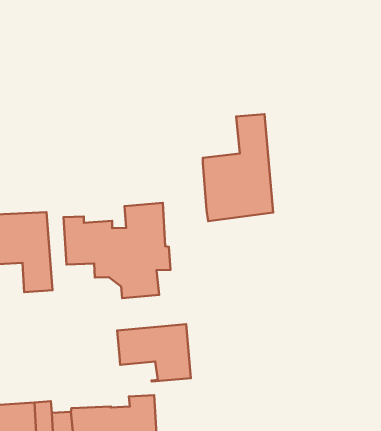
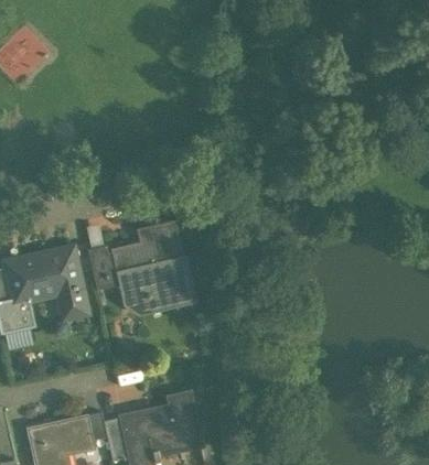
building: [203,114,273,221] -> none
building: [117,324,191,381] -> none

